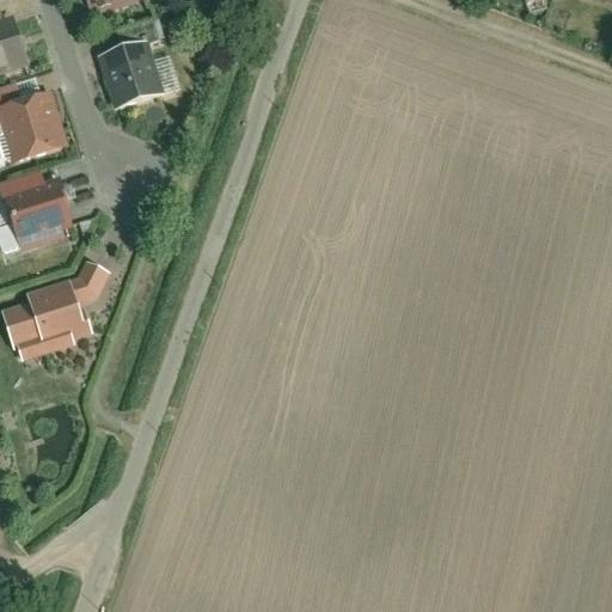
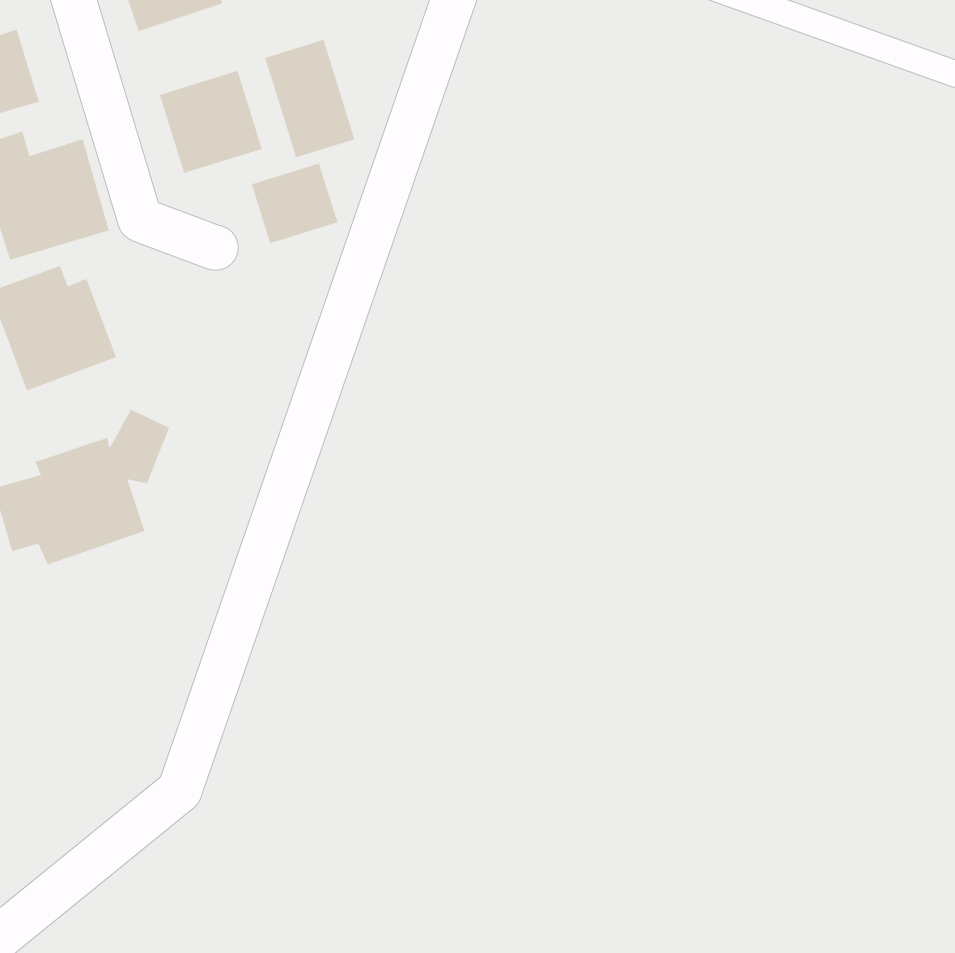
building: none -> [264,39,355,158]
building: none -> [251,162,338,244]

